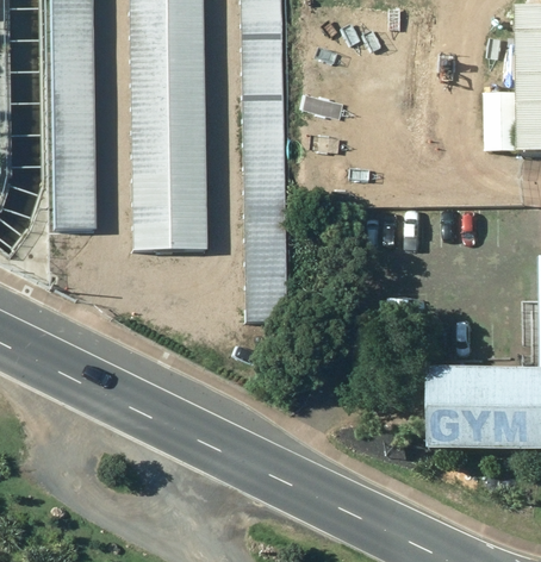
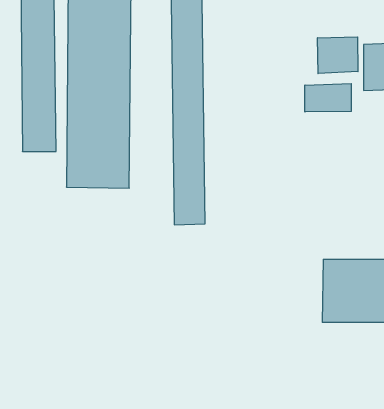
building: none -> [318,37,358,74]
building: none -> [305,84,351,112]

